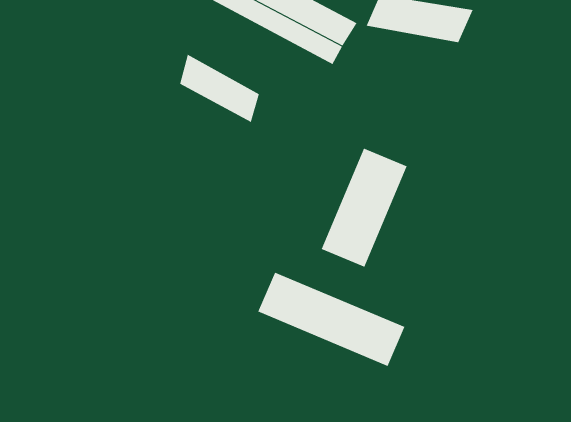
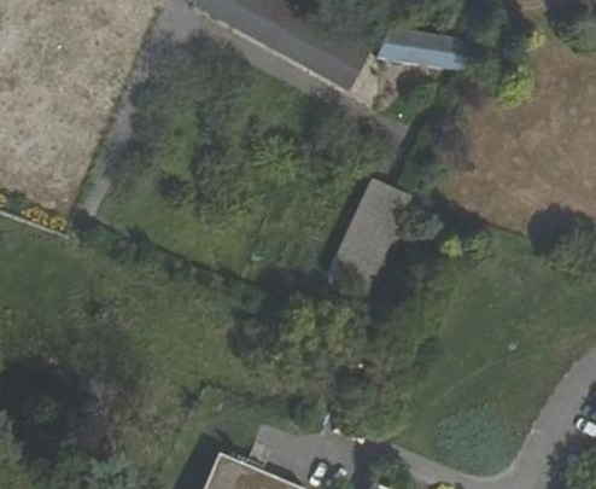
building: [180,54,259,123] -> none
building: [258,272,405,367] -> none

